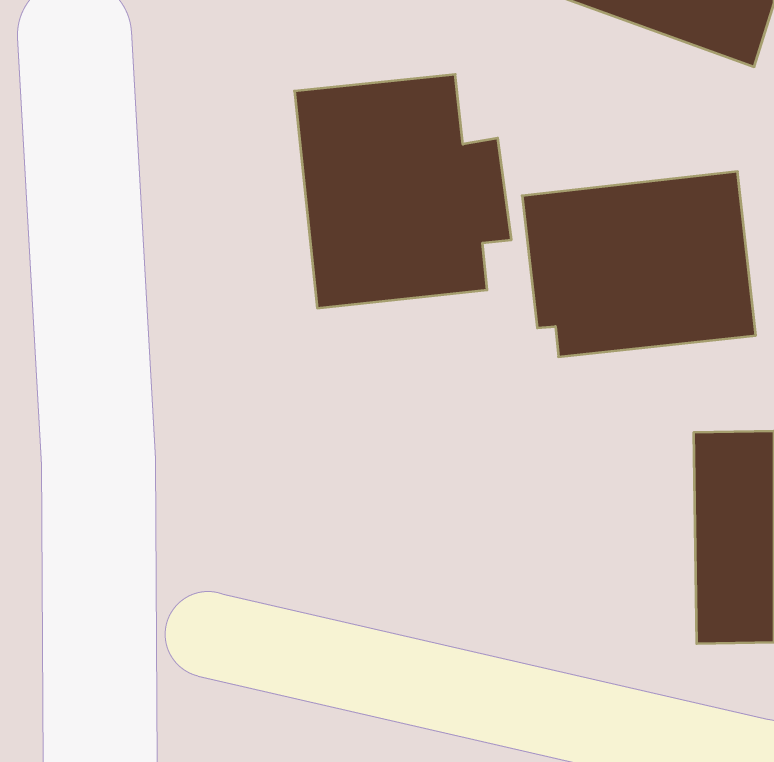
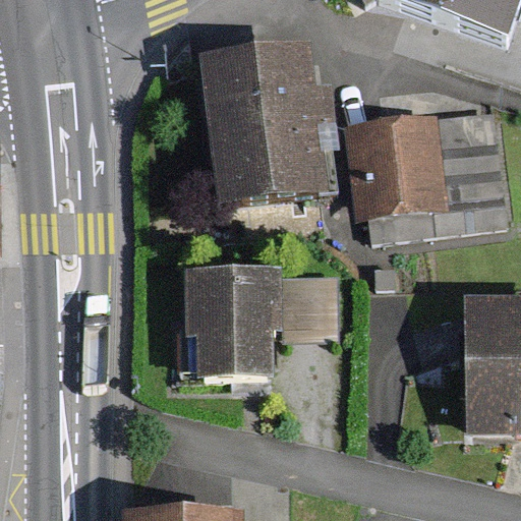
building: none -> [190,270,339,377]

